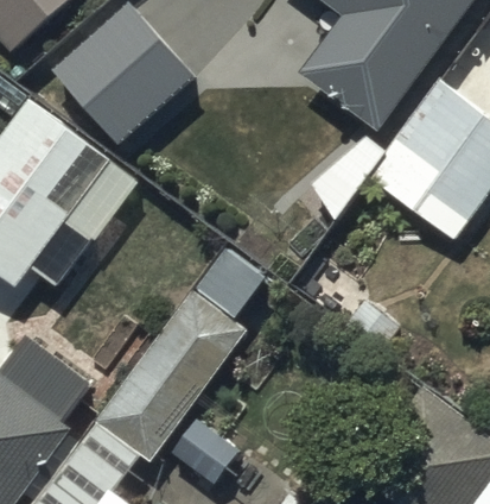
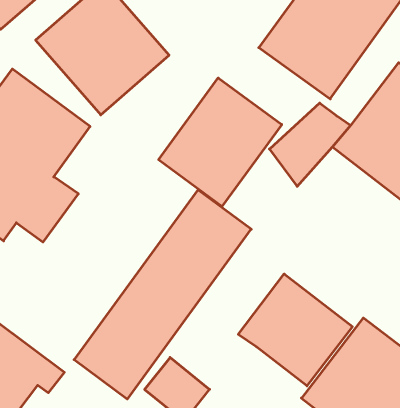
building: none -> [159,78,282,206]
building: none -> [238,274,352,386]

